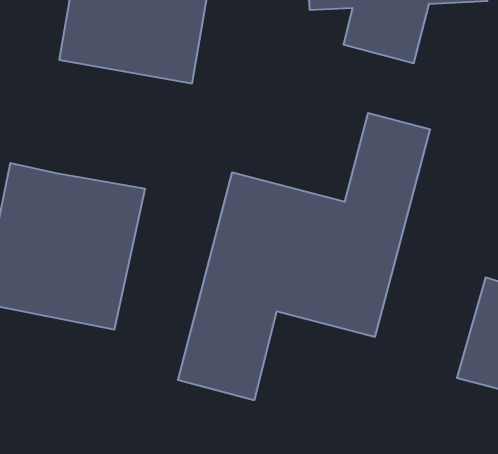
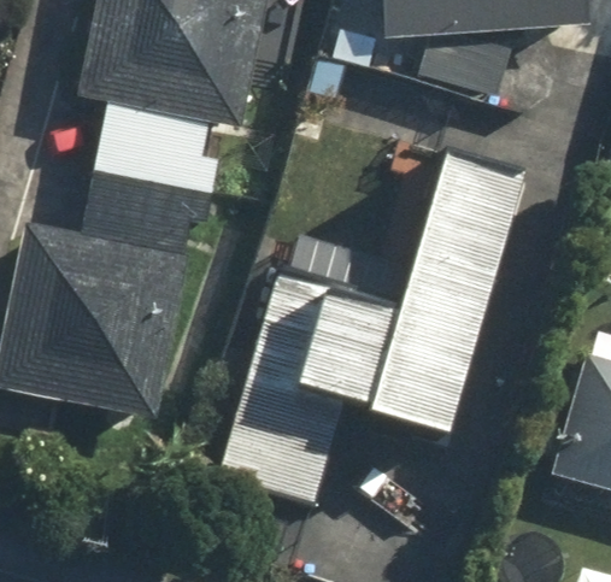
building: none -> [82,102,219,251]

